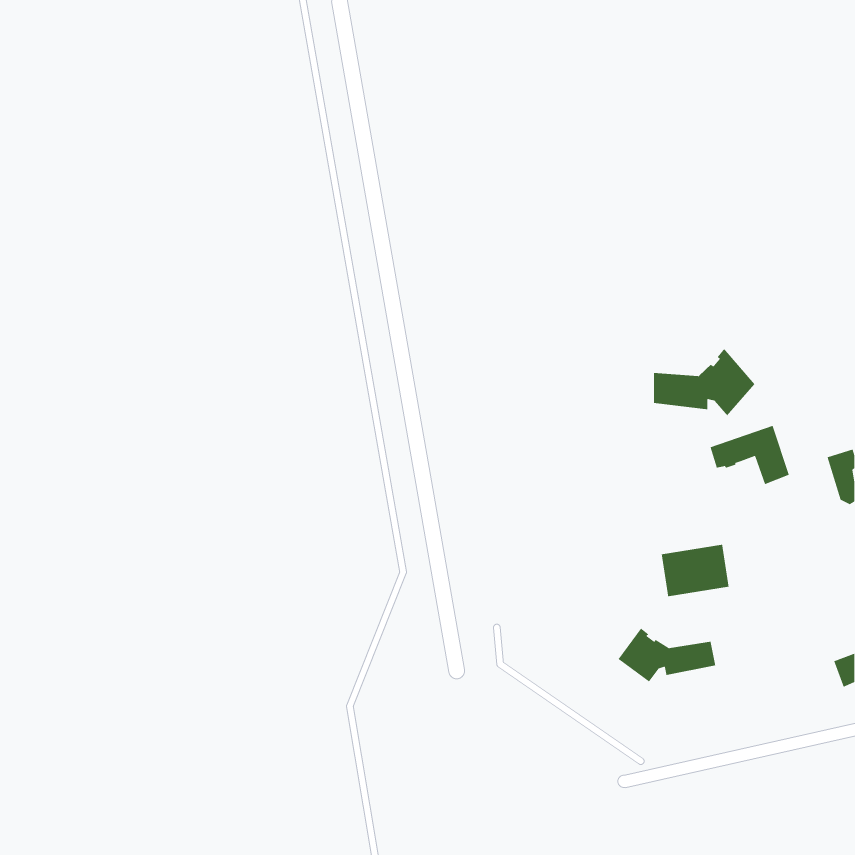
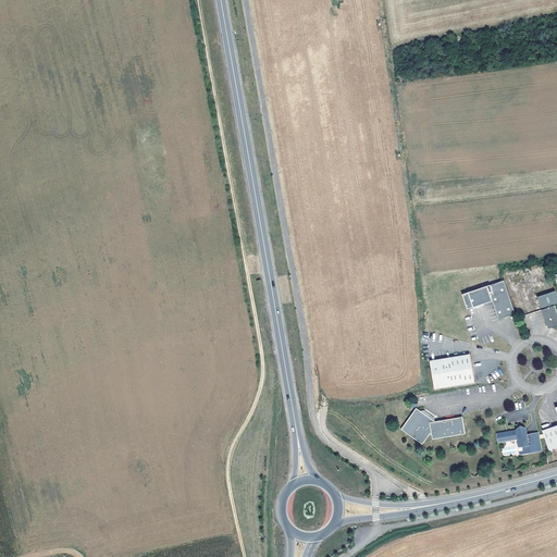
building: [653,348,756,417] -> none
building: none -> [495,426,540,453]

